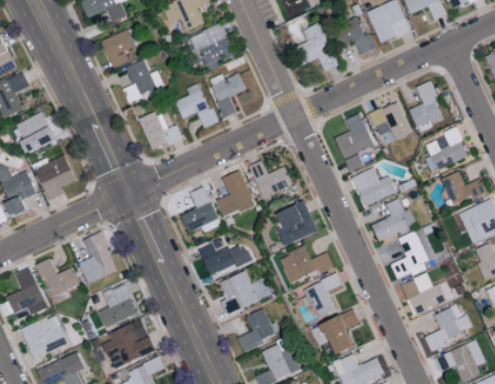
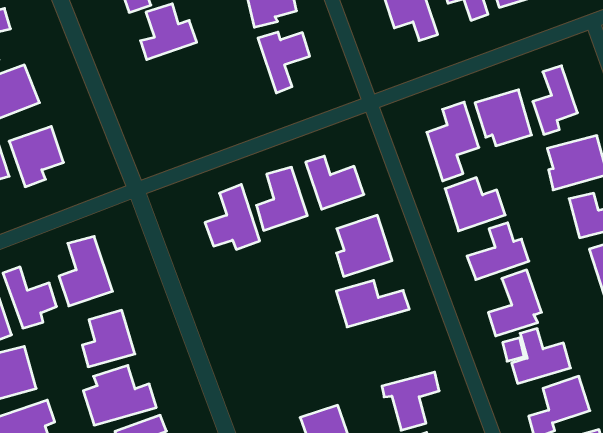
building: [176,82,214,127] -> none
building: [138,110,181,150] -> none
building: [198,238,250,276] -> none
building: [220,271,271,314] -> none
building: [305,274,341,316] -> none
building: [232,309,279,352] -> none

